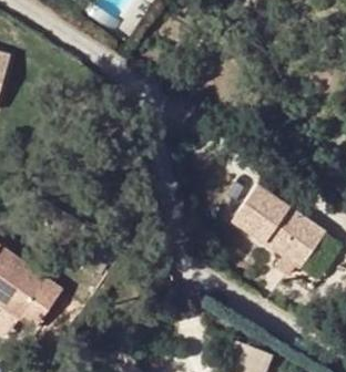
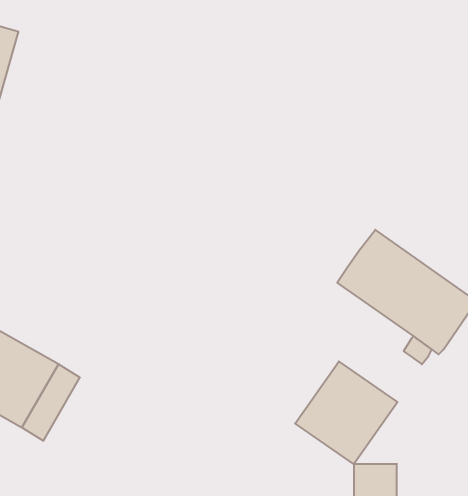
building: none -> [295,361,397,464]

